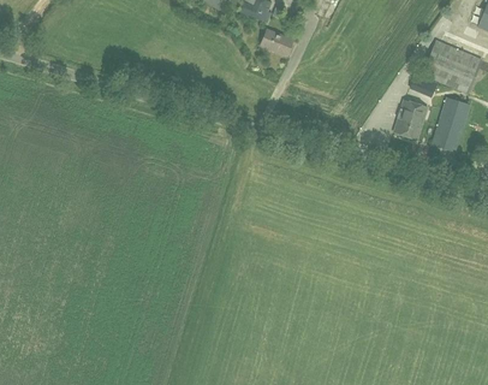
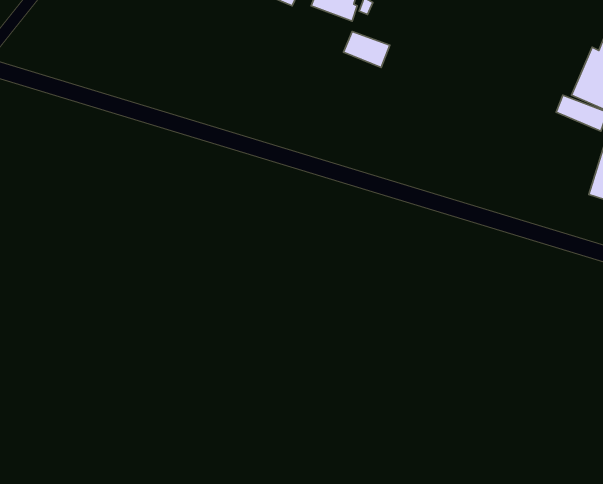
building: [389,97,424,137] -> none

